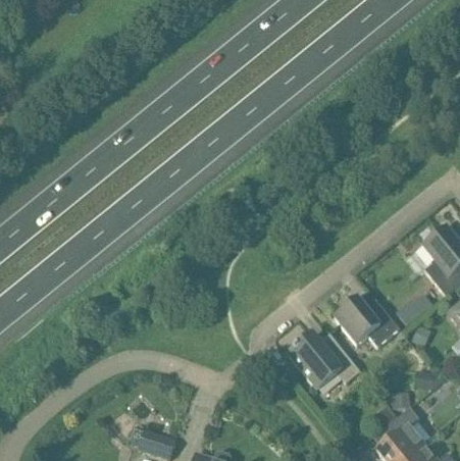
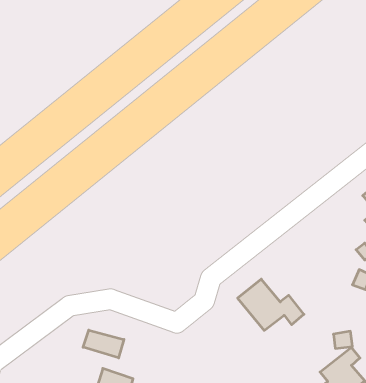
building: [335,298,400,347] -> none
building: none -> [83,330,124,358]

